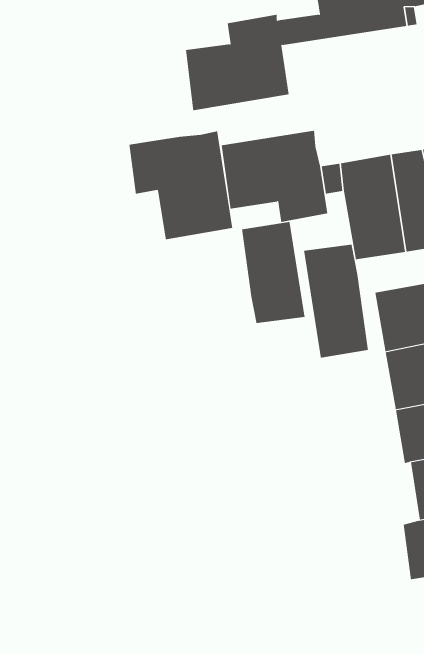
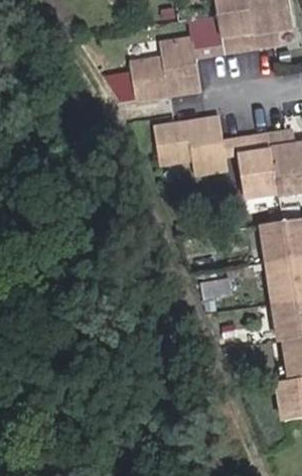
building: [129,130,233,240] -> none
building: [241,221,305,324] -> none
building: [303,244,369,358] -> none

